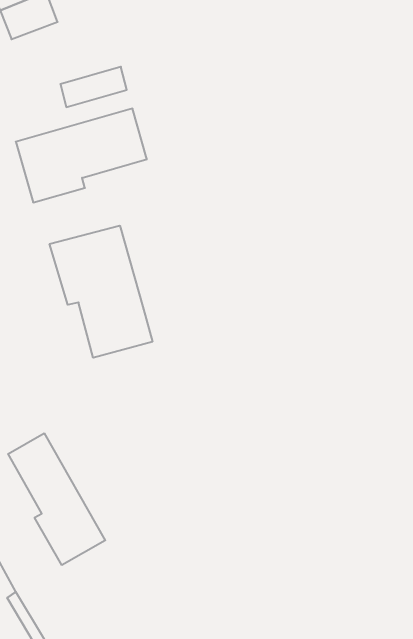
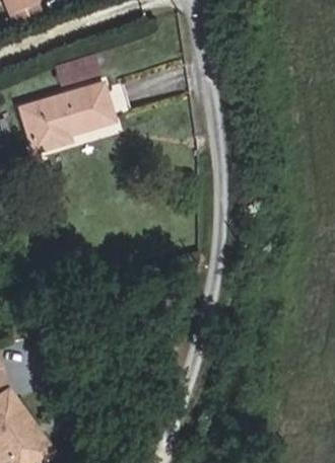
building: [50,226,152,358] -> none
building: [8,433,105,565] -> none

